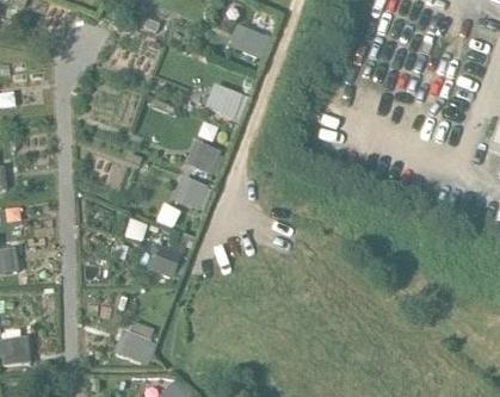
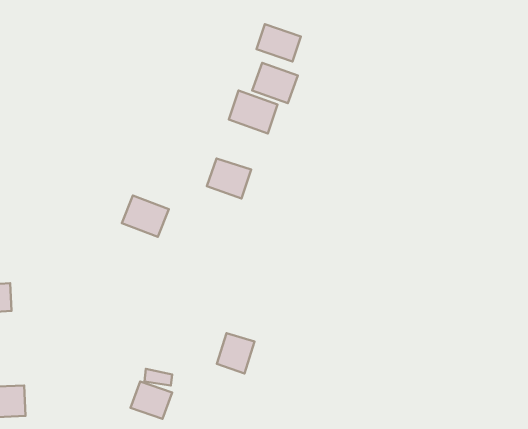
building: none -> [252,63,298,103]
building: [171,174,211,210] -> [122,195,169,237]
building: [149,242,181,277] -> [217,333,254,373]

